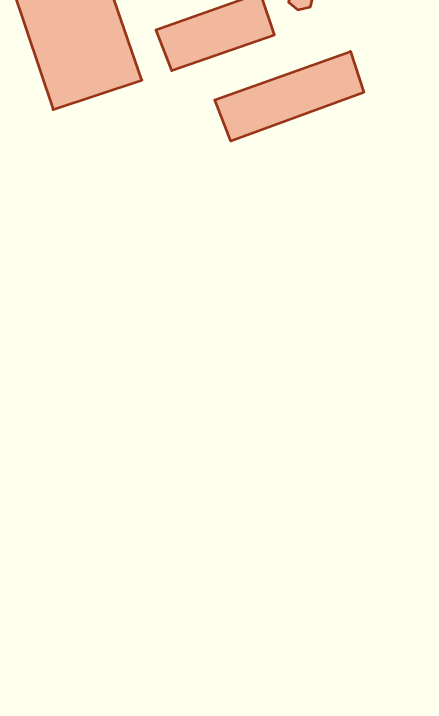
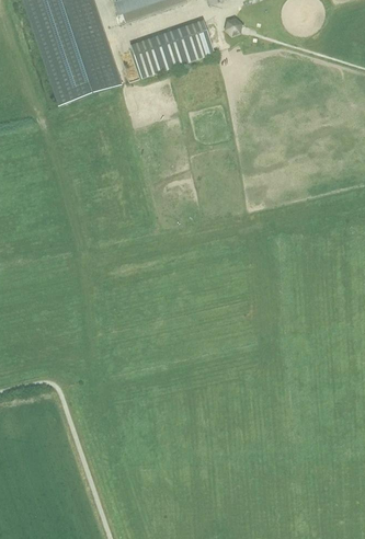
building: [215,51,364,141] -> none

